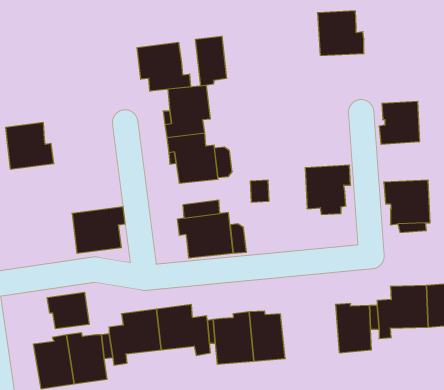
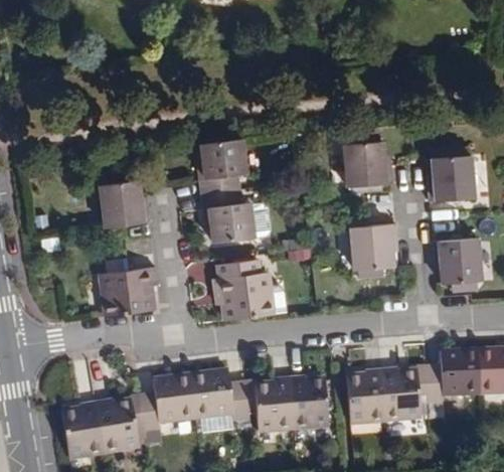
building: [317,11,364,55] -> [343,138,392,185]
building: [196,36,226,86] -> none
building: [137,42,191,91] -> none
building: [6,123,54,169] -> [99,178,150,227]
building: [47,292,89,329] -> none
building: none -> [346,369,385,424]

